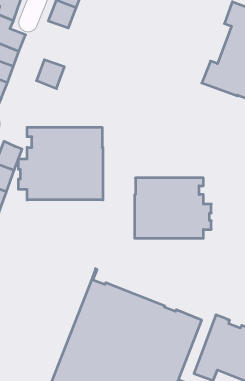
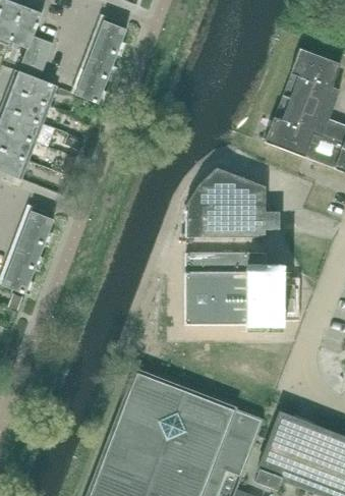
building: [36,60,64,89] -> [74,69,107,103]
building: none -> [185,167,279,236]
building: [18,127,103,200] -> none

